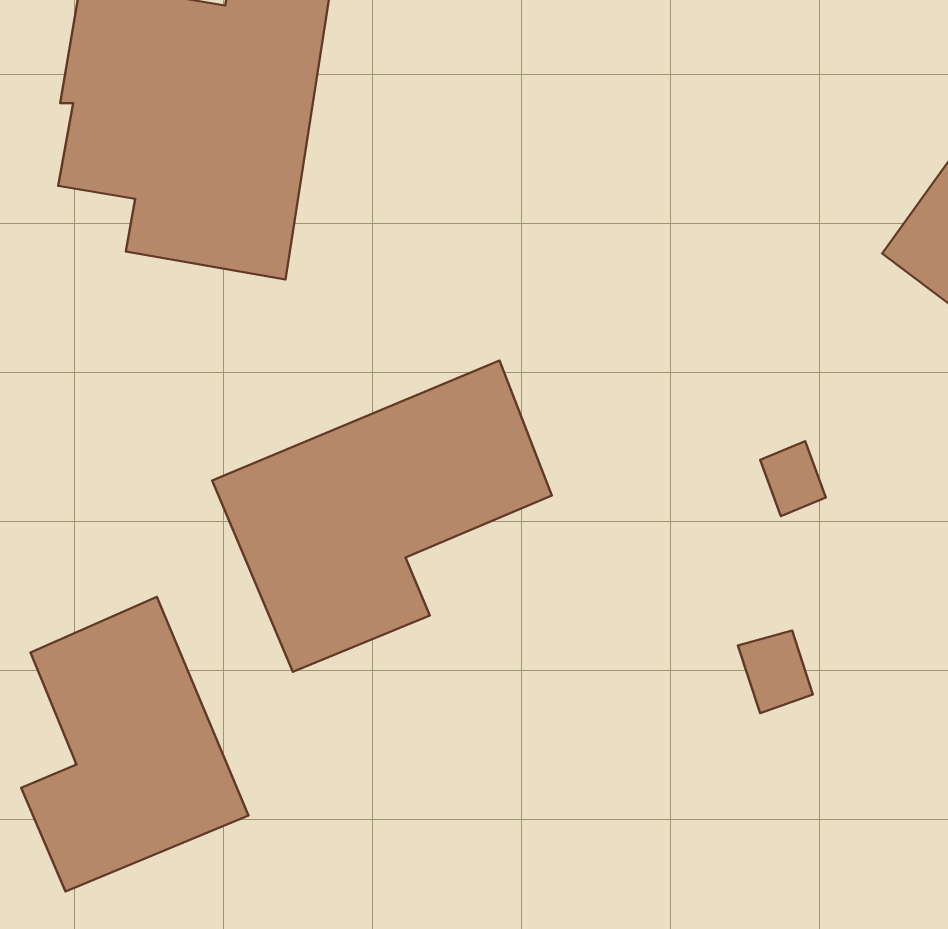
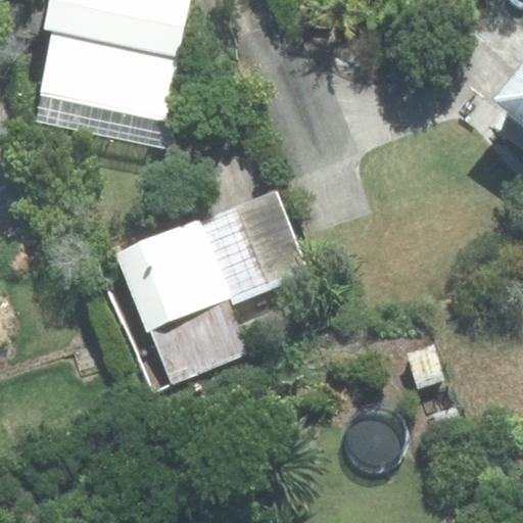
building: [21,597,248,891] -> none

